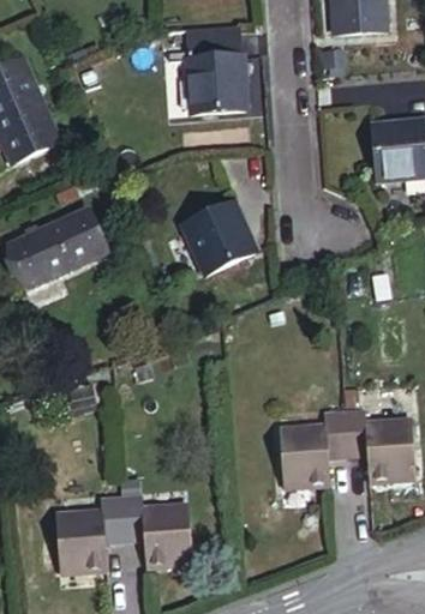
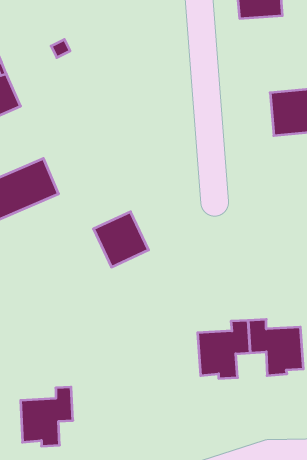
building: [185,28,244,113] -> none
building: [184,203,253,272] -> [93,212,149,267]
building: [119,480,191,567] -> none

